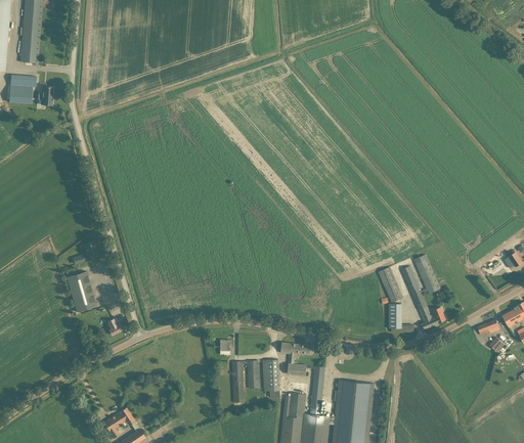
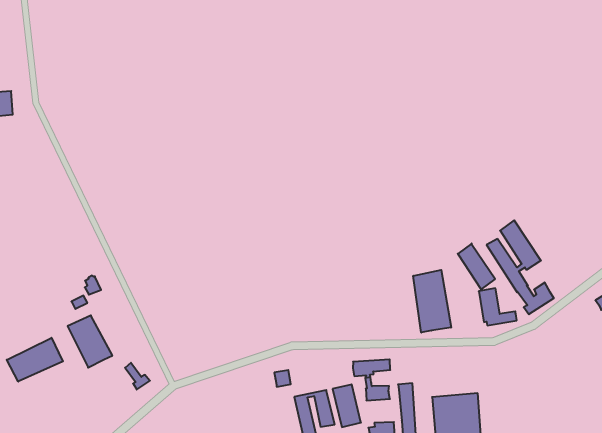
building: none -> [413,270,451,333]
building: none -> [7,338,63,382]

